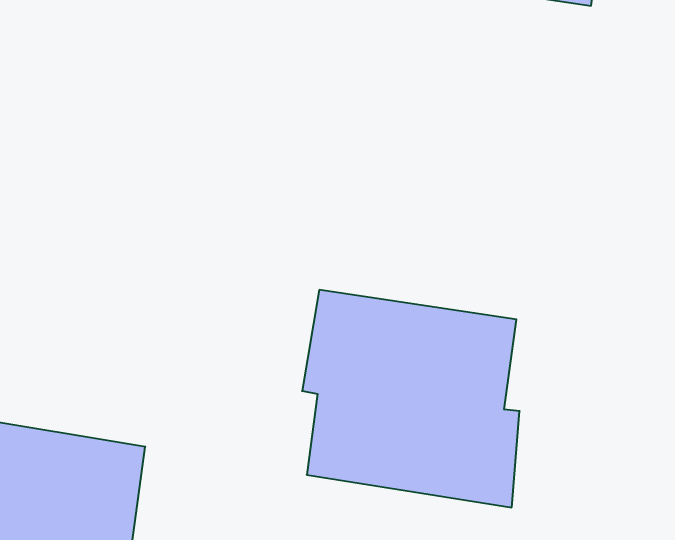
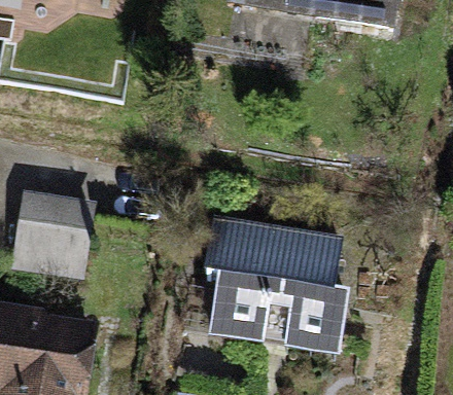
building: none -> [10,185,95,275]

